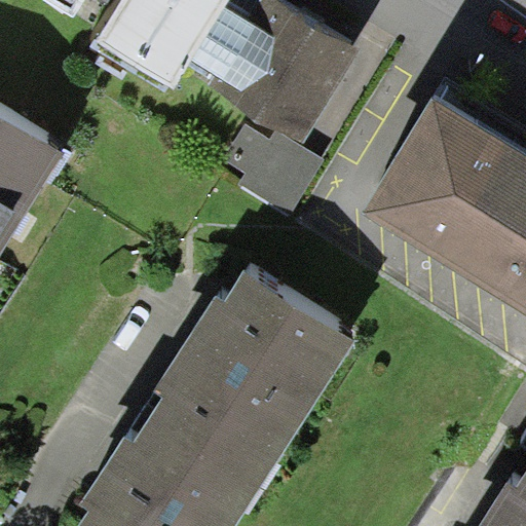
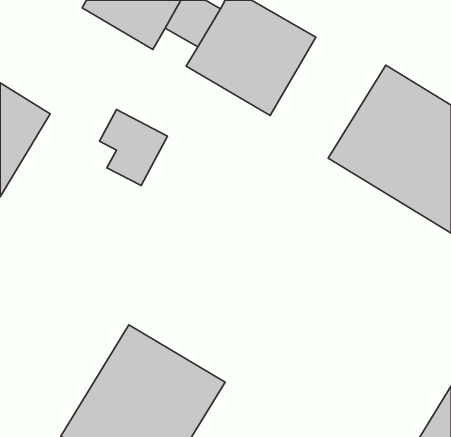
building: [233,122,312,211] -> [100,110,168,185]
building: [150,264,341,461] -> none

